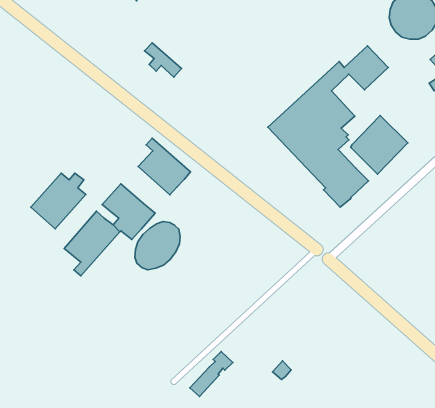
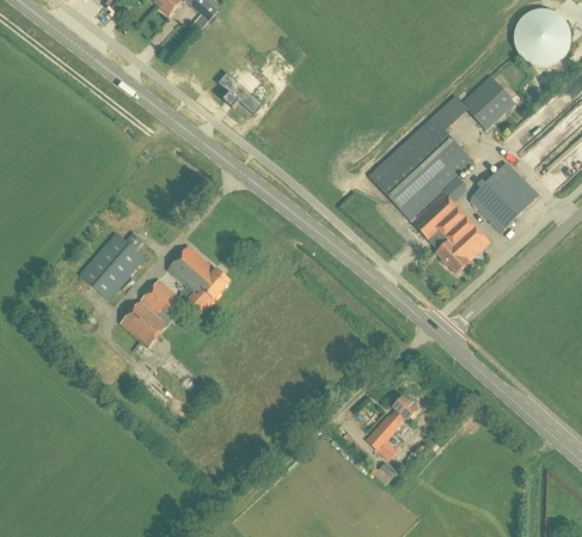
building: [138,138,191,195] -> none
building: [135,222,180,270] -> none
building: [190,352,233,397] -> [363,396,416,451]

